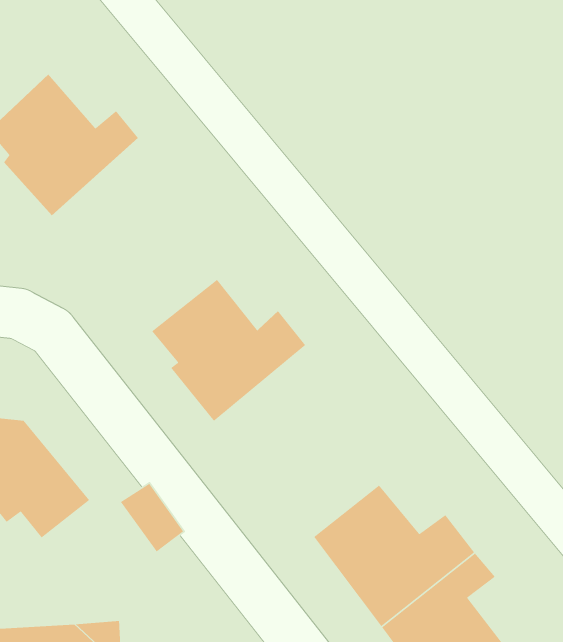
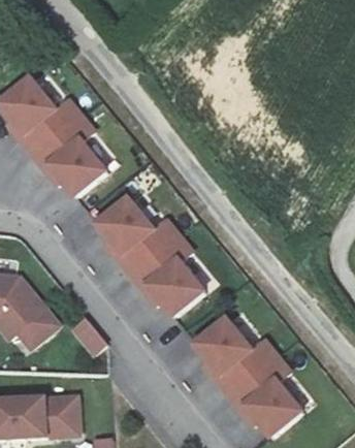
building: none -> [33,109,110,202]
building: none -> [129,232,211,322]

